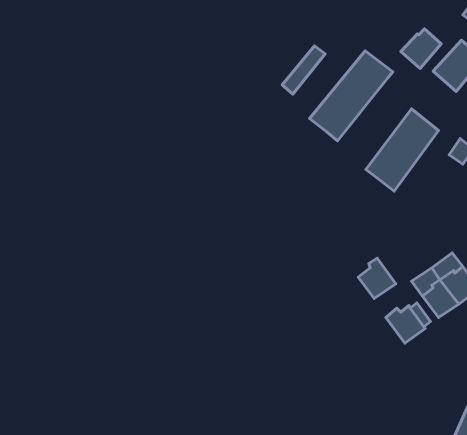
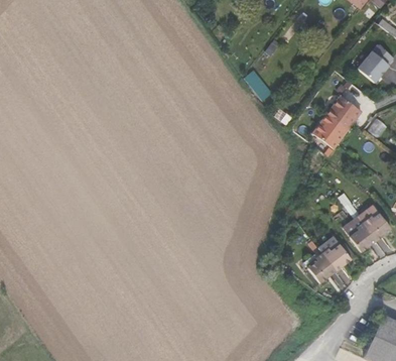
building: [401,29,441,68] -> none
building: [310,51,393,141] -> none
building: [358,258,396,299] -> [307,251,336,281]

